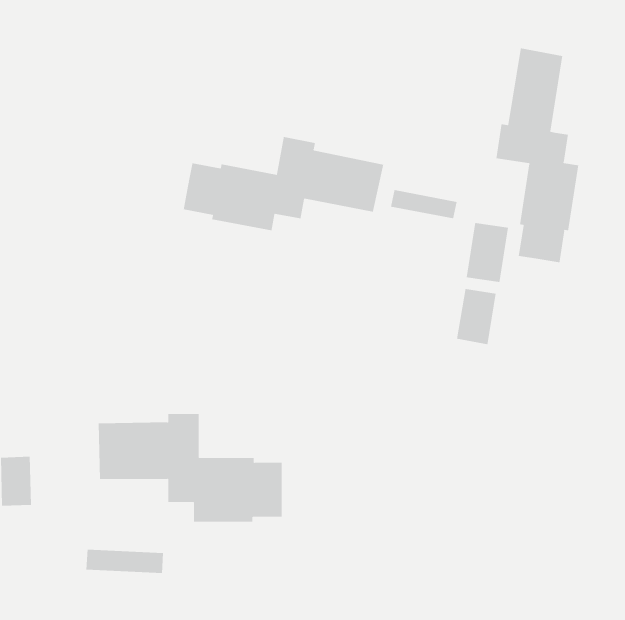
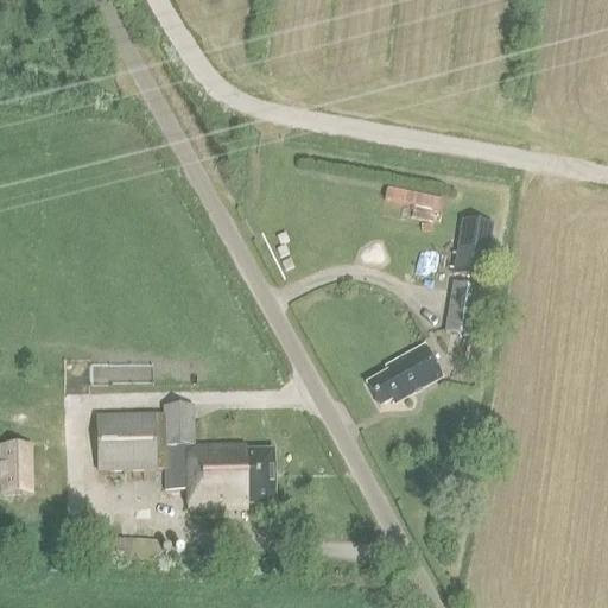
building: [496,48,579,263] -> none
building: [183,136,384,231] -> none
building: none -> [369,342,442,403]

